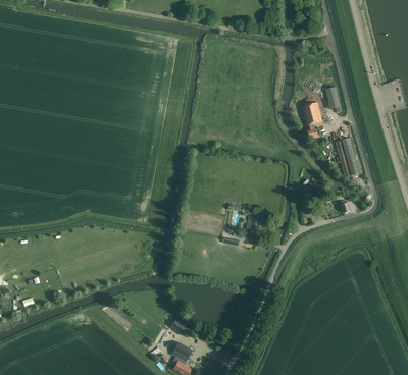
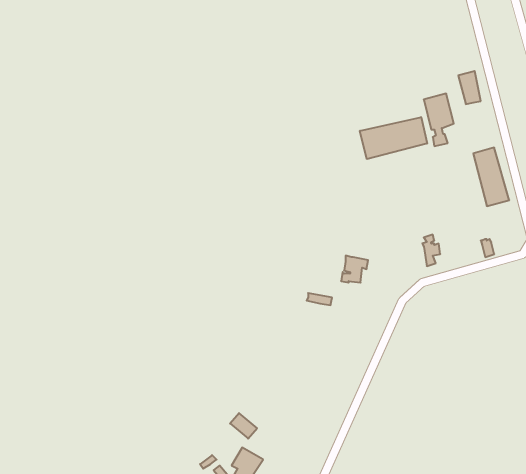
building: none -> [360,117,427,159]

